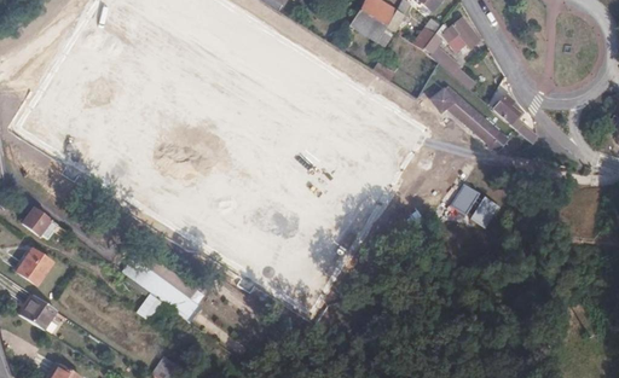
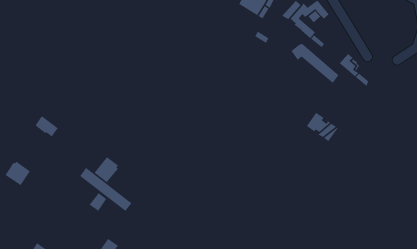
building: [24,207,59,238] -> [34,115,59,138]
building: none -> [94,156,119,183]
building: [21,292,57,328] -> none

